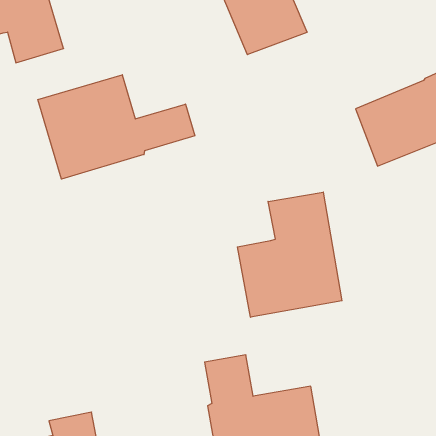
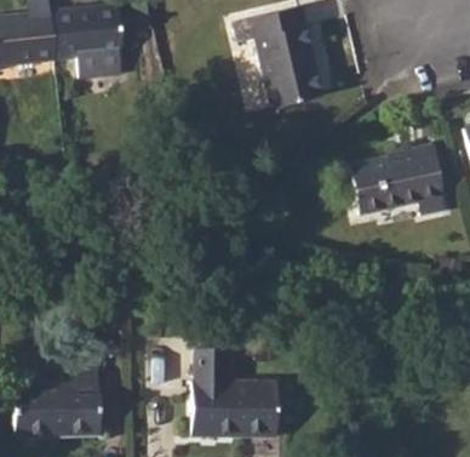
building: [38,75,195,179] -> none
building: [237,192,342,317] -> none

